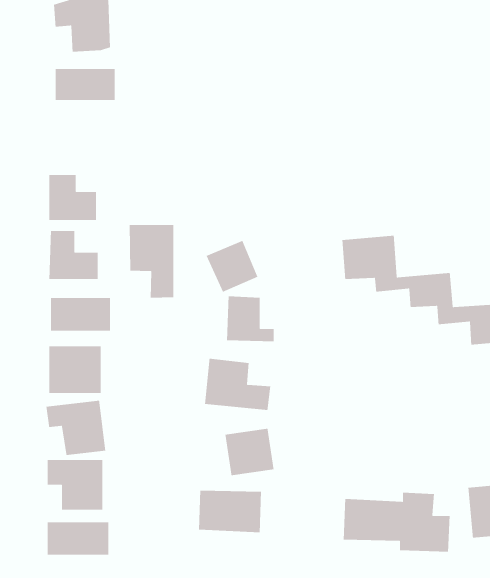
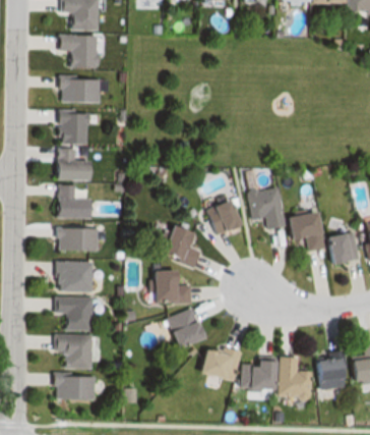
building: none -> [57,113,85,144]
building: [129,224,174,299] -> none
building: [205,240,258,293] -> [204,202,239,236]
building: [198,490,262,533] -> [204,348,246,377]

